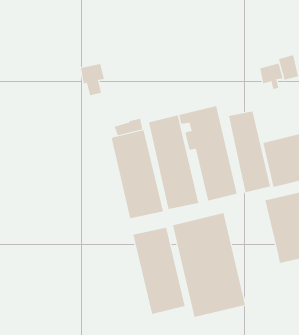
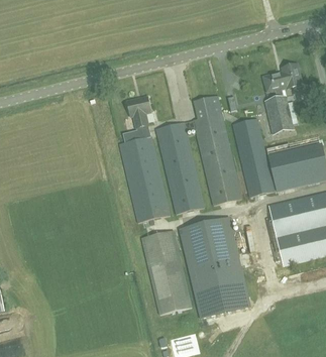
building: [80,64,105,96] -> [127,97,151,128]
building: none -> [193,95,222,119]
building: none -> [264,96,294,134]

